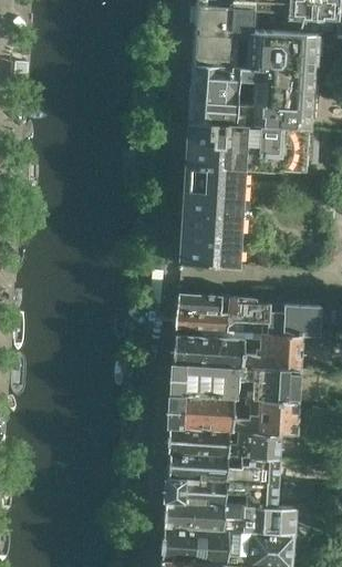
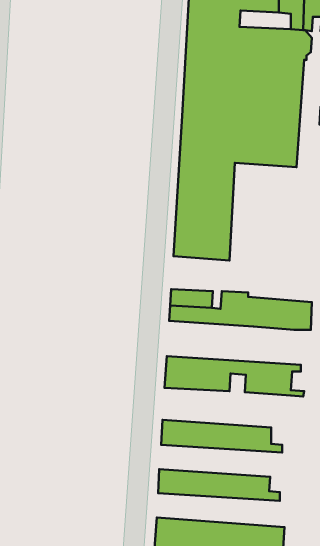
building: [175,332,315,371] -> none
building: [170,394,300,435] -> none
building: [167,452,298,485] -> none
building: [165,501,307,535] -> none

